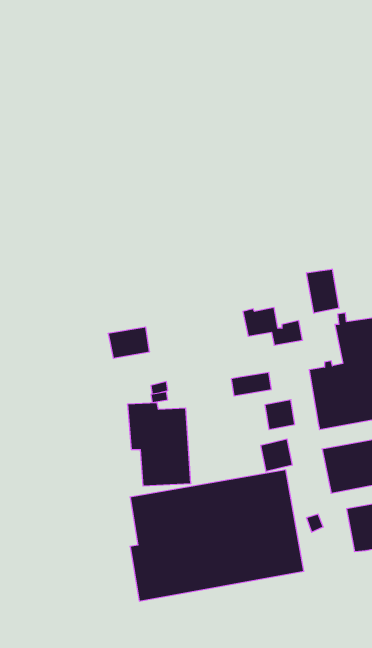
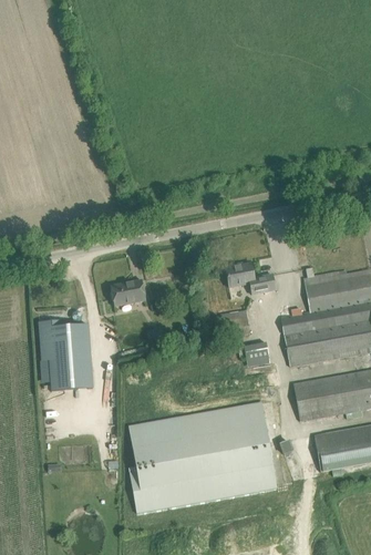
building: [307,269,339,313] -> none
building: [127,403,191,486] -> [38,319,92,390]
building: [261,439,292,472] -> none

